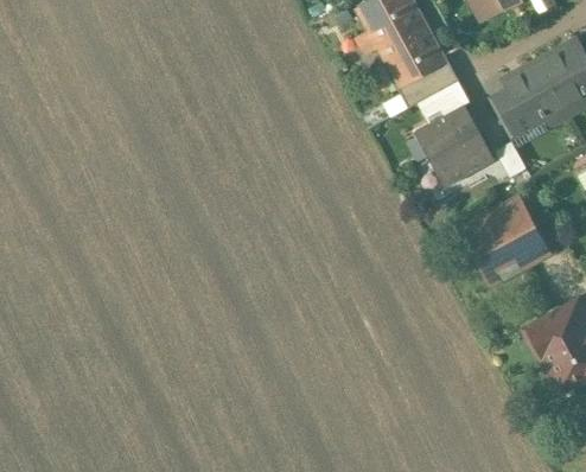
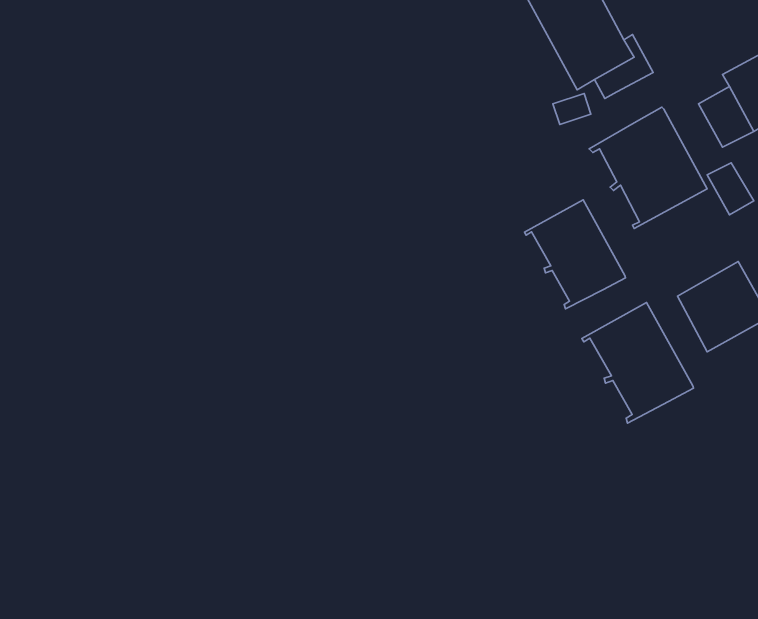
building: [433,81,470,115] -> none
building: none -> [524,200,625,309]
building: none -> [582,303,694,423]

